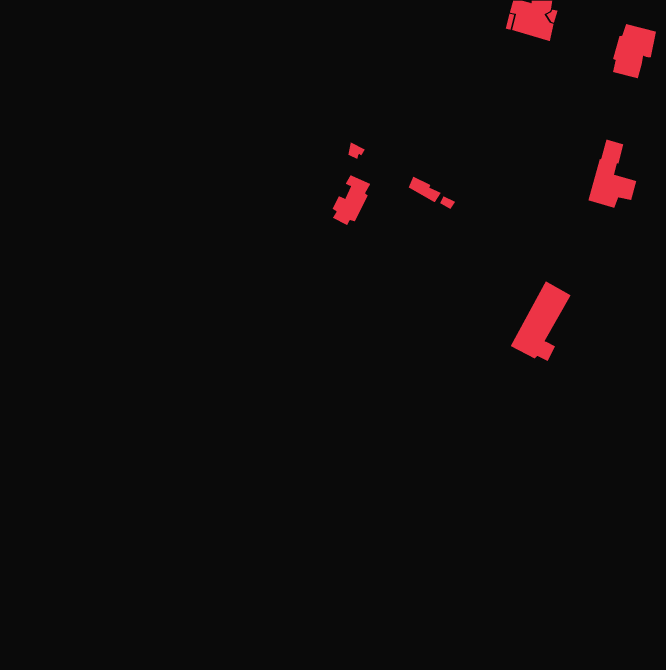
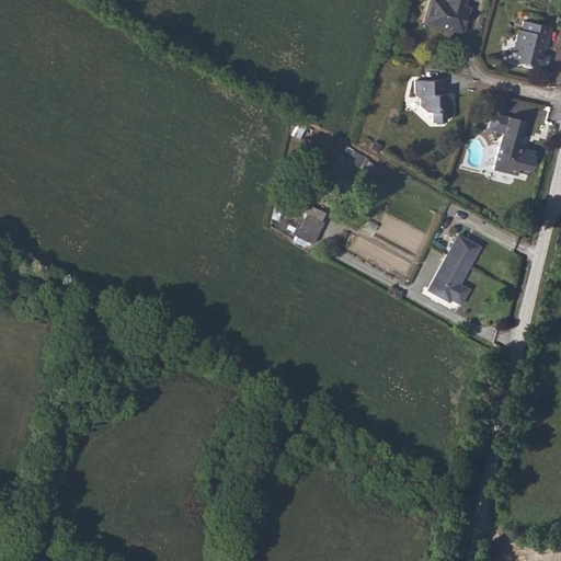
building: none -> [416,80,455,123]
building: [332,175,371,226] -> [295,204,328,247]

